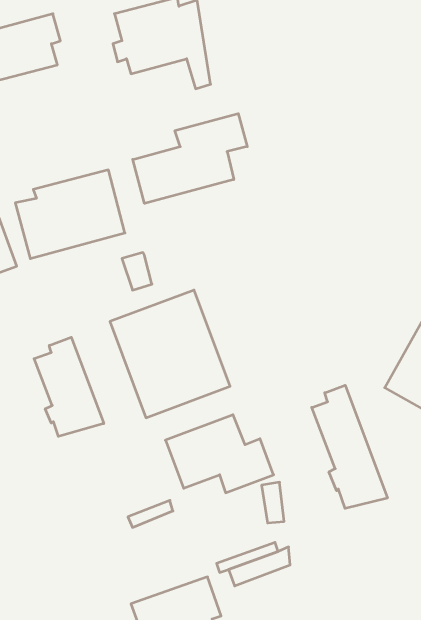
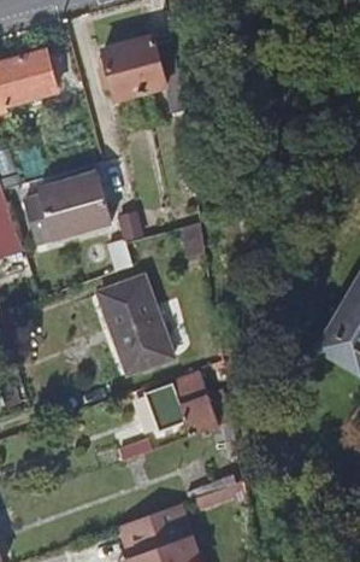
building: [133,114,247,203] -> none
building: [34,337,104,436] -> none
building: [312,385,387,508] -> none

